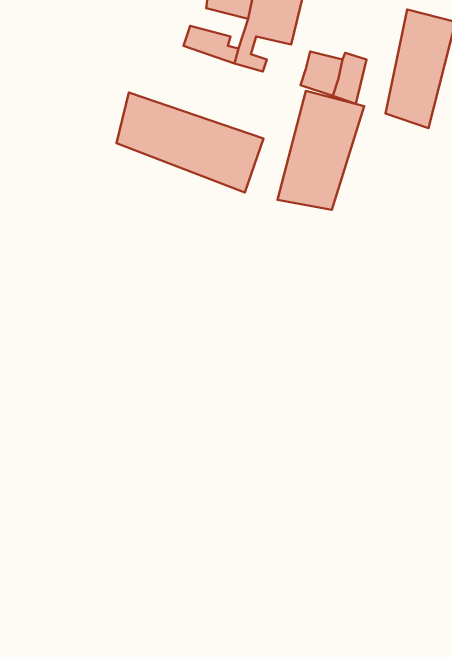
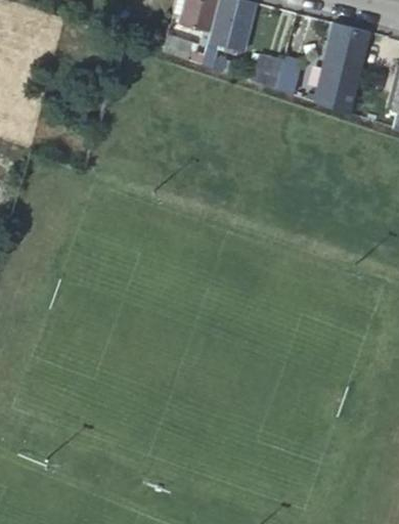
building: [278,91,364,210] -> none
building: [117,92,263,193] -> none

